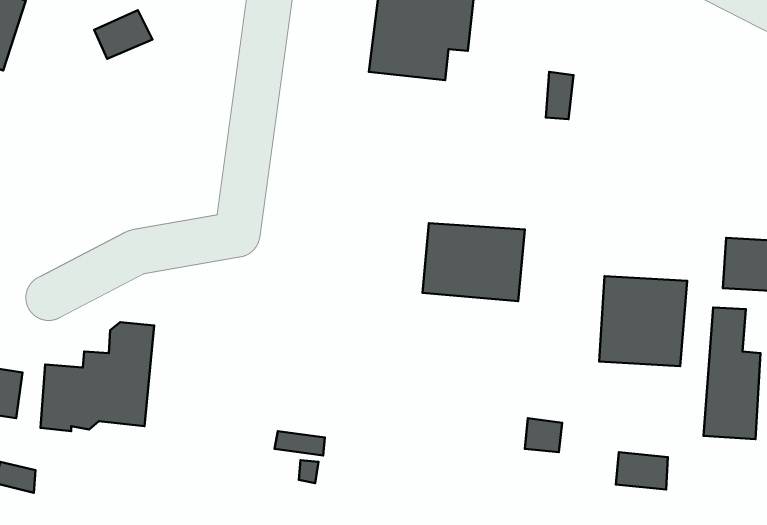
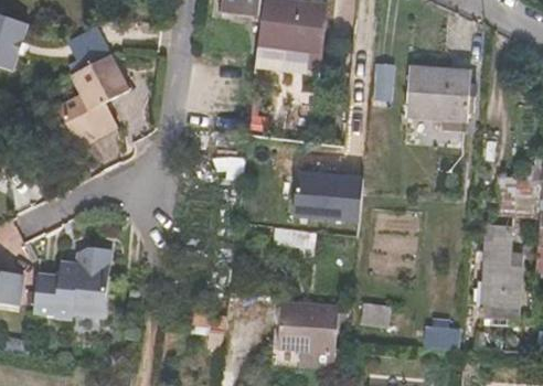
building: none -> [57,58,129,148]
building: none -> [403,67,471,130]
building: [599,276,687,366] -> none
building: none -> [277,302,338,365]

